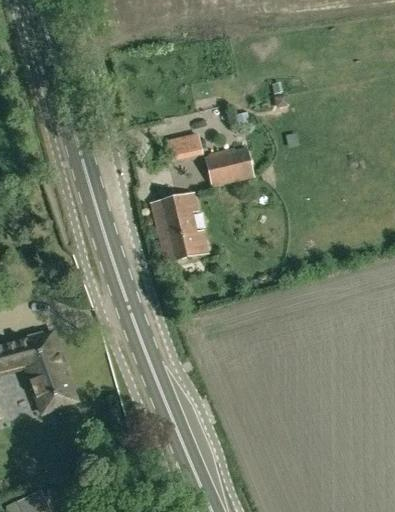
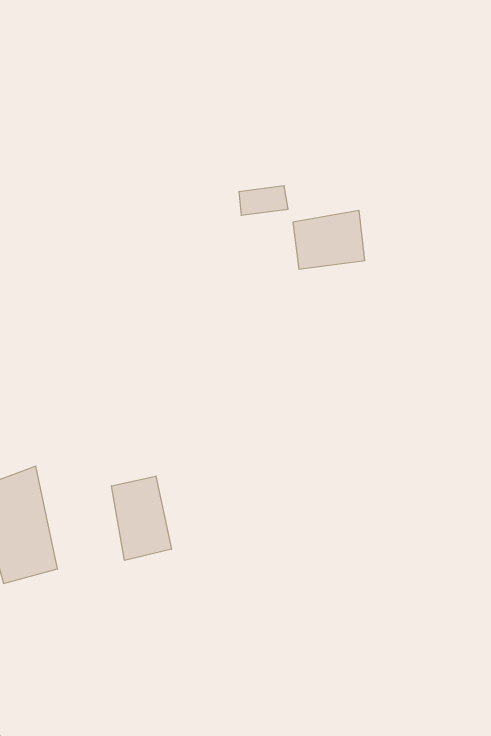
building: [151,193,207,261] -> none
building: none -> [112,476,172,560]

